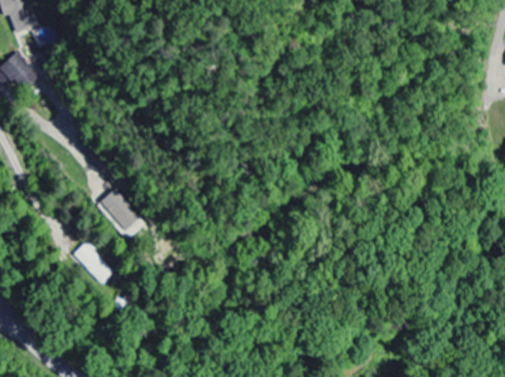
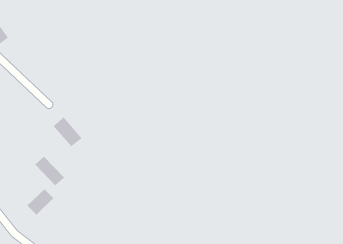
building: none -> [27,189,54,215]

